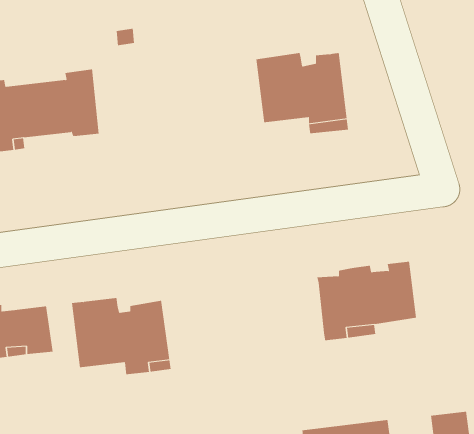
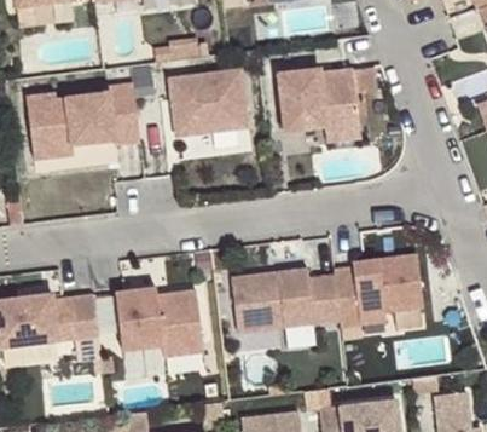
building: none -> [168,69,248,136]
building: none -> [230,267,338,332]

